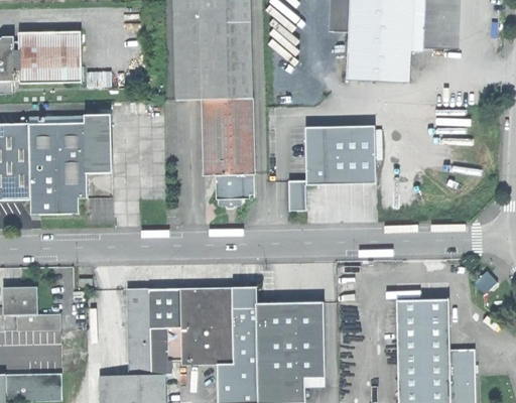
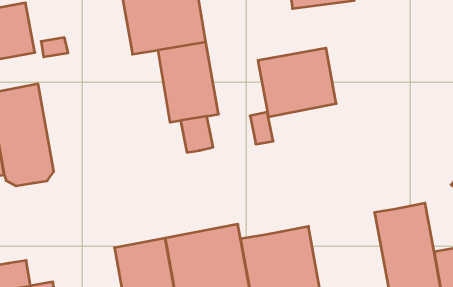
building: [79,113,114,195] -> none

